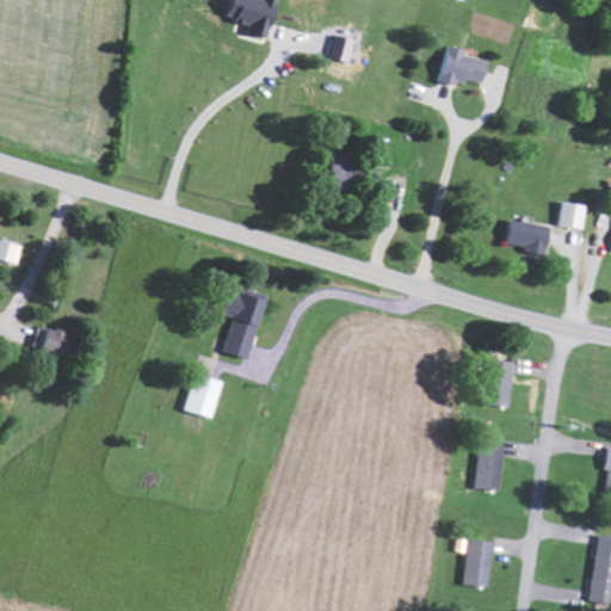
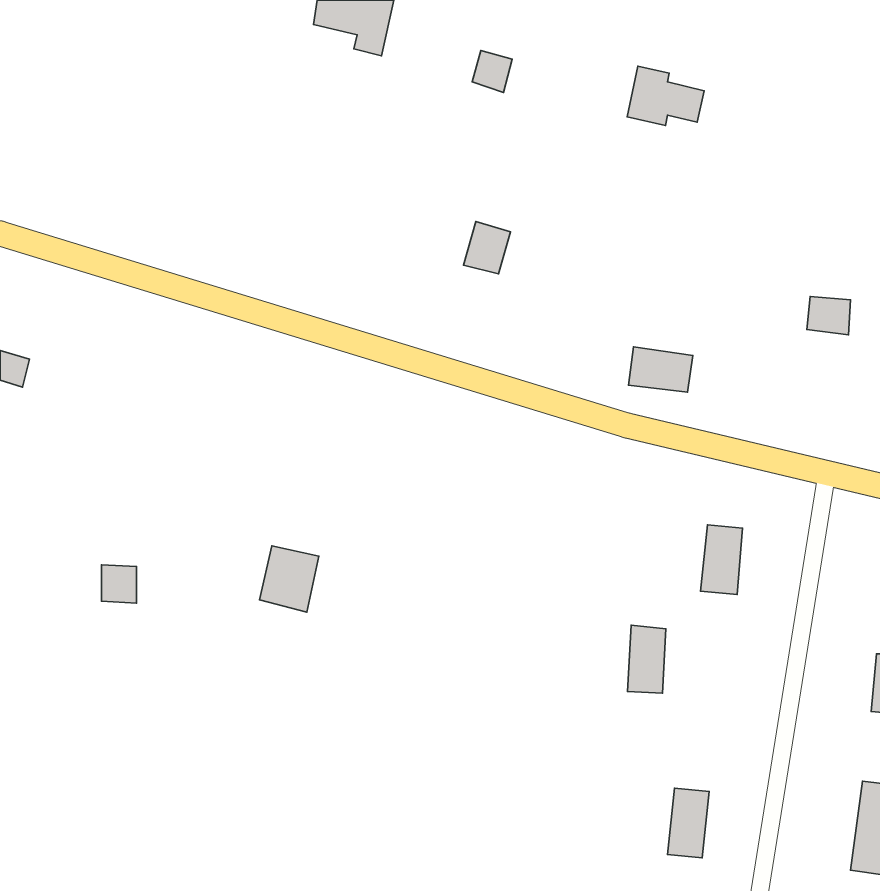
building: [505,220,549,251] -> [628,347,693,392]
building: [221,291,263,358] -> none
building: [43,329,67,356] -> [102,565,136,603]
building: [477,443,504,489] -> [628,625,666,693]

